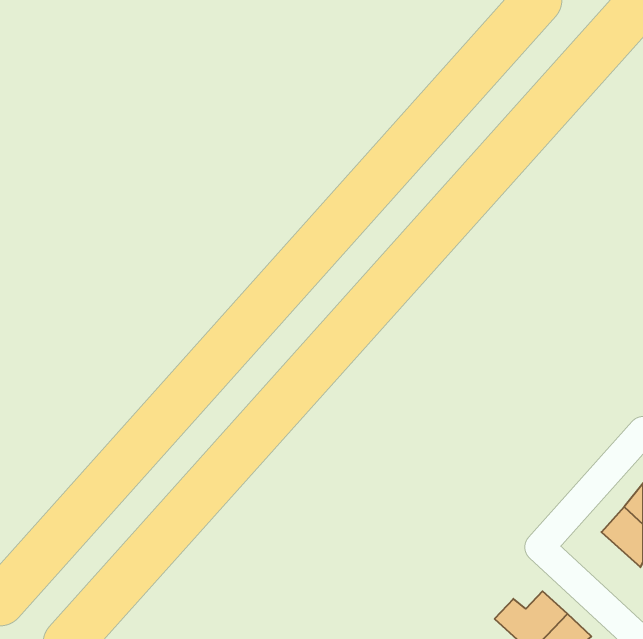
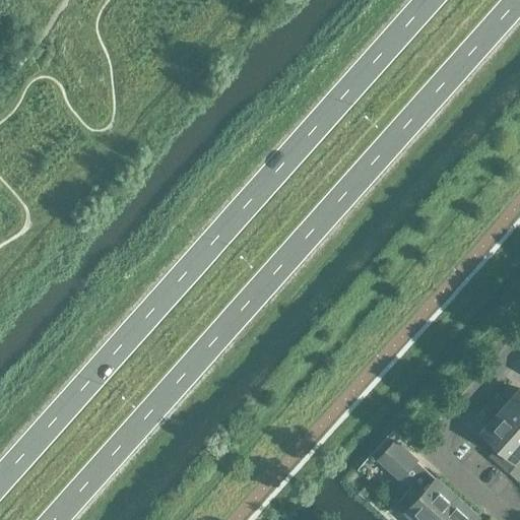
building: none -> [381,443,416,479]

